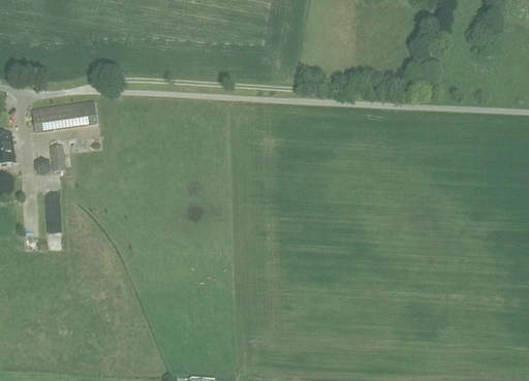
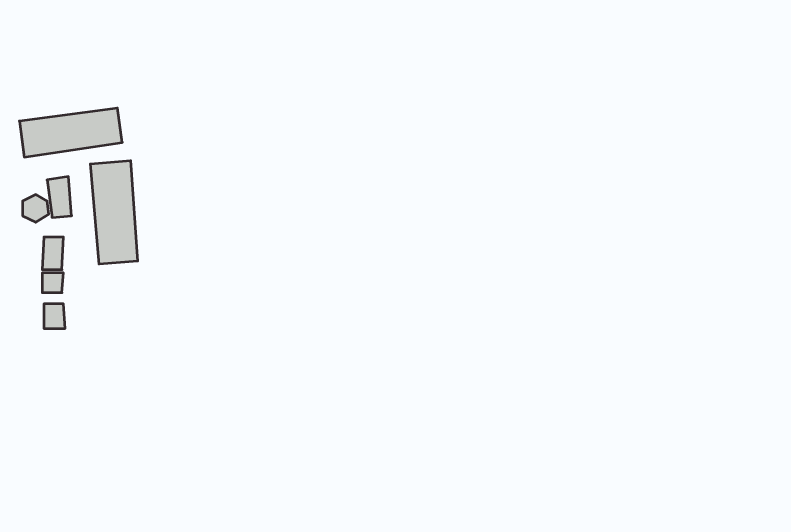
building: none -> [90,161,138,264]

